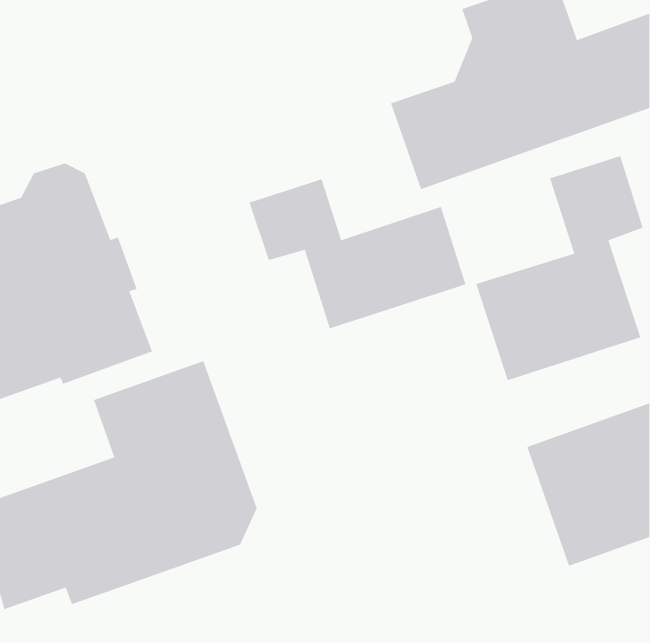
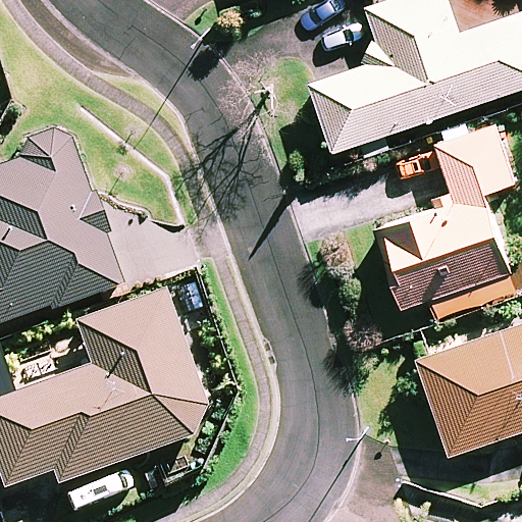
building: [249,179,466,329] -> none

